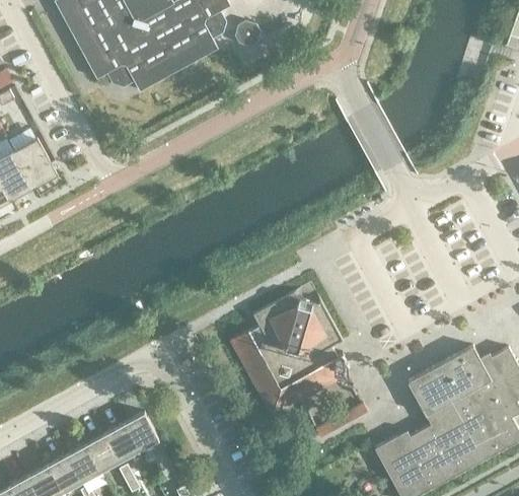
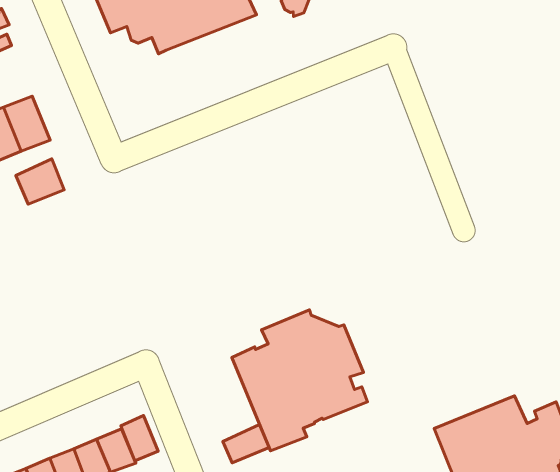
building: none -> [16,159,64,204]
building: none -> [223,425,269,463]
building: none -> [121,415,158,461]

